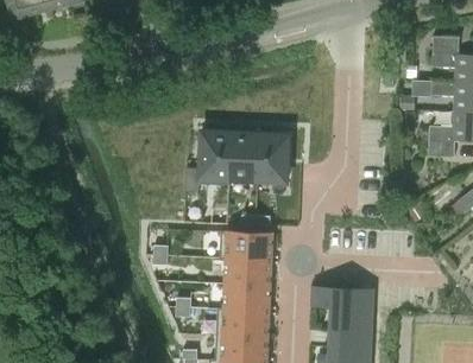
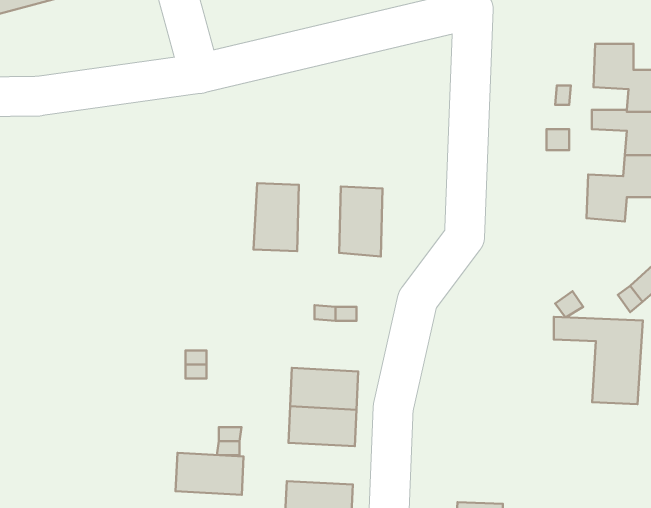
building: [229,133,259,179] -> none
building: [226,233,272,260] -> none
building: [313,288,373,348] -> [554,317,643,404]
building: [222,308,269,337] -> [176,453,244,495]

